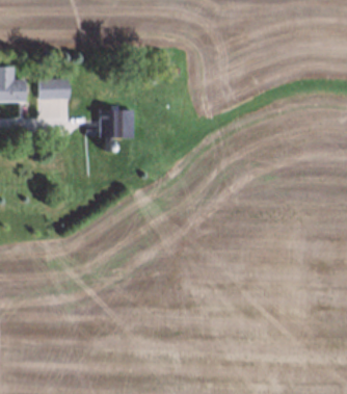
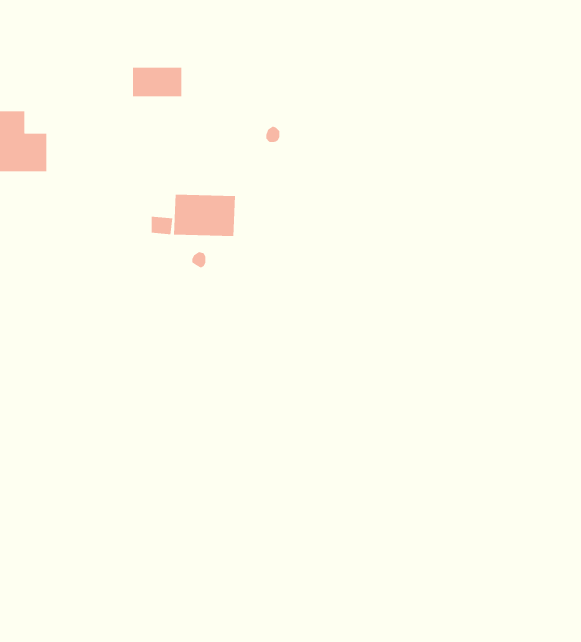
building: [39,81,68,98] -> [132,67,182,97]

